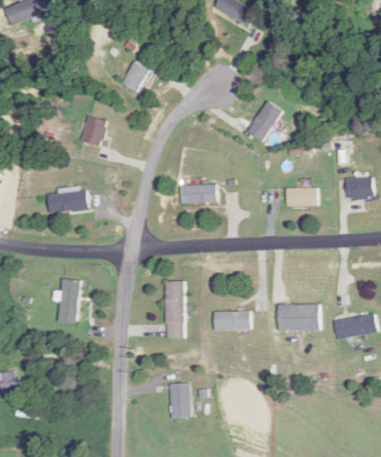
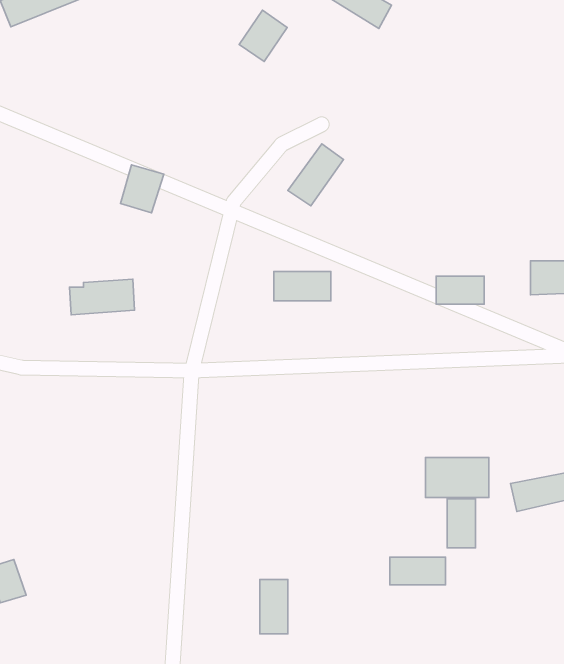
building: [119,60,150,93] -> [239,10,287,61]
building: [246,101,282,141] -> [288,144,343,206]
building: [59,279,78,322] -> none
building: [165,281,183,337] -> none
building: [214,311,250,329] -> [390,557,445,585]
building: none -> [447,499,475,548]

